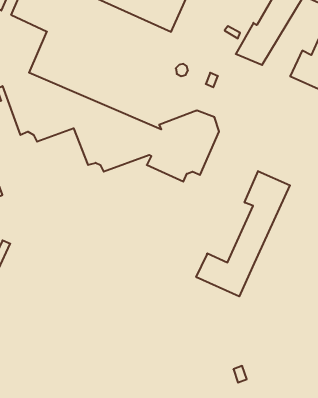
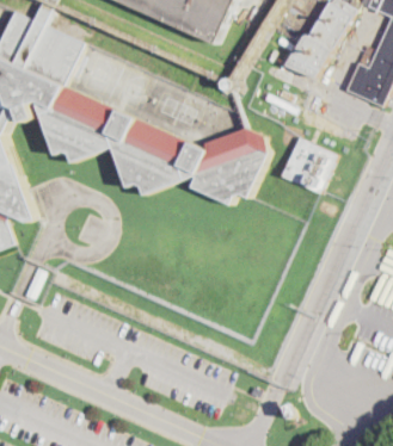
building: none -> [278,138,334,194]
building: [196,171,290,296] -> none

